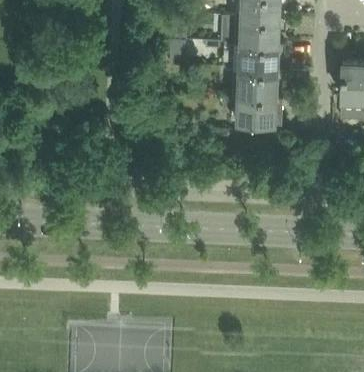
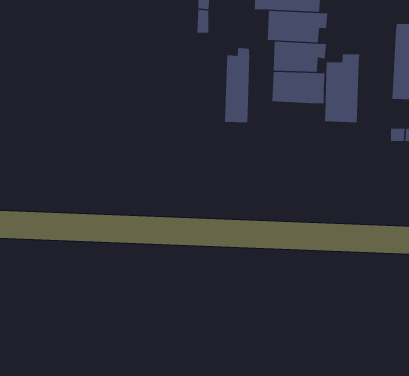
building: none -> [224,47,250,123]
building: none -> [324,53,360,123]

